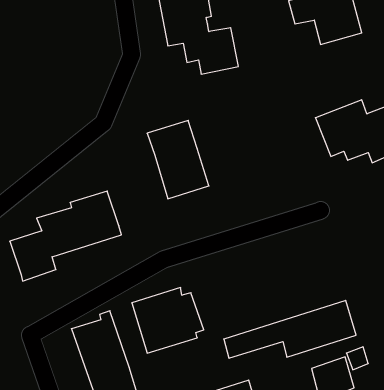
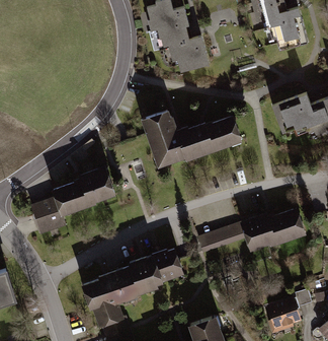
building: none -> [177,113,242,159]
building: [224,300,356,358] -> [199,206,304,252]
building: none -> [108,252,140,302]

